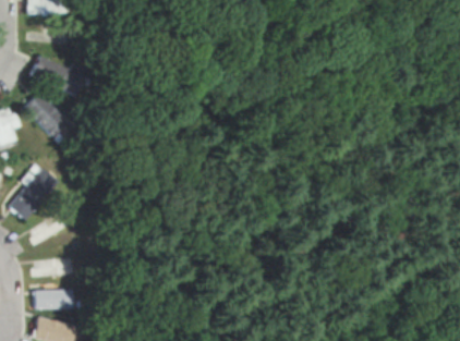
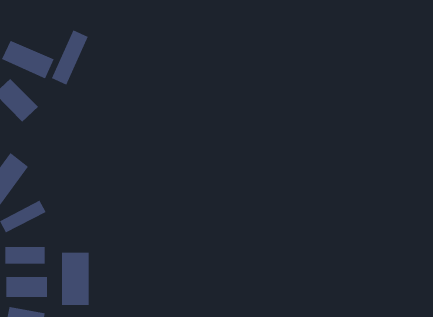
building: none -> [51,30,88,85]
building: none -> [61,252,89,306]

